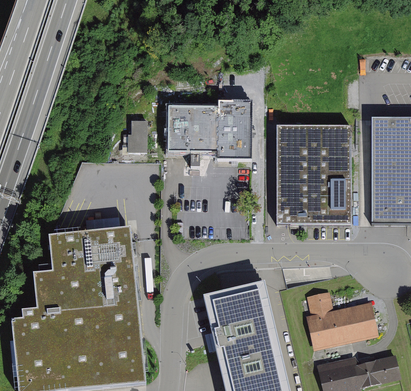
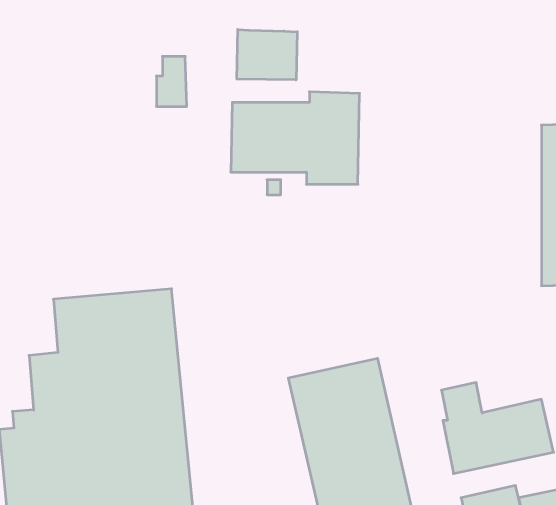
building: none -> [237,29,297,80]
building: [127,119,147,152] -> [156,56,187,106]
building: [276,128,351,225] -> none

